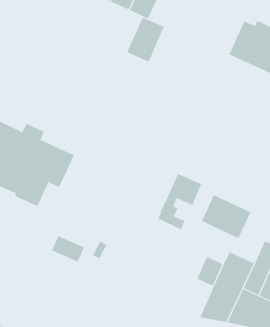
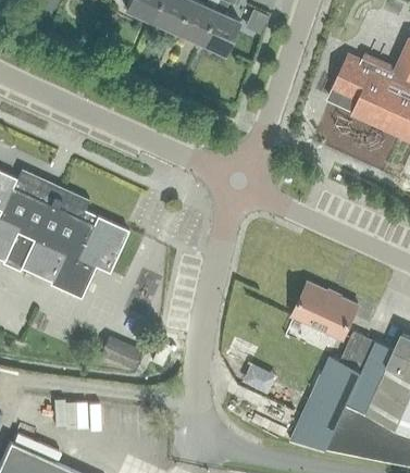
building: [127,17,165,62] -> none
building: [158,173,202,230] -> none
building: [197,256,223,286] -> [340,332,375,371]

